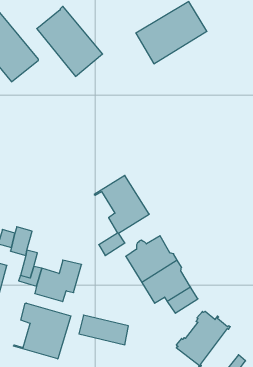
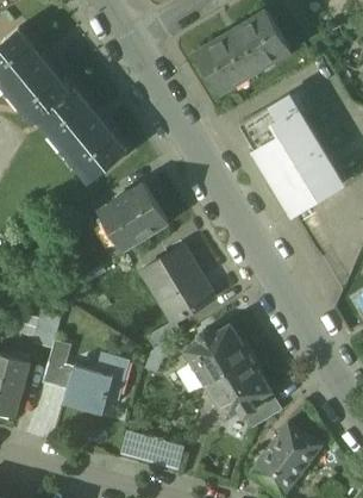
building: [37,6,103,76] -> [38,86,125,179]
building: none -> [239,97,342,213]
building: none -> [95,181,169,253]
building: [13,303,71,359] -> none

